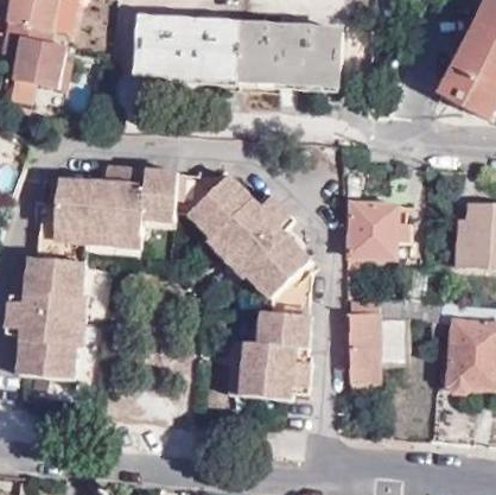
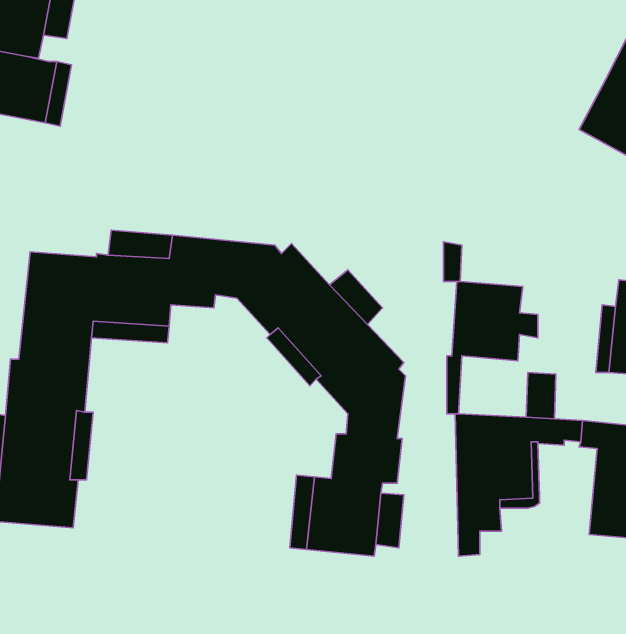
building: [134,17,341,87] -> none

